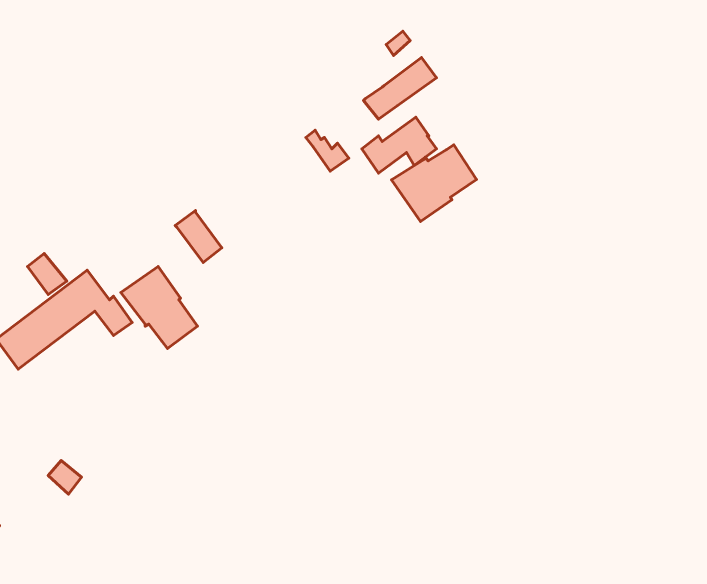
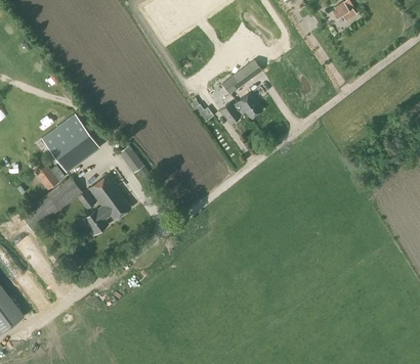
building: [392,145,477,221] -> none
building: none -> [42,113,100,172]
building: none -> [84,207,112,235]

